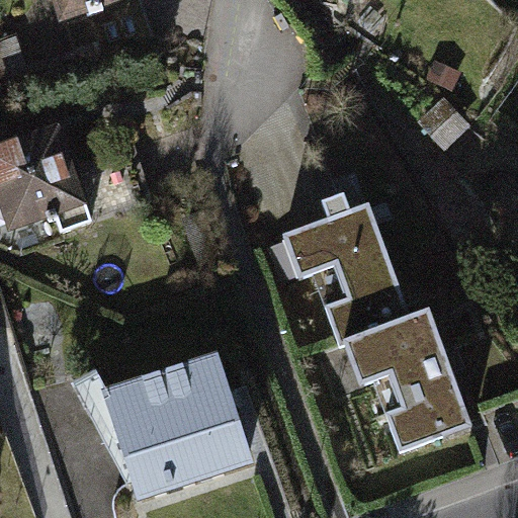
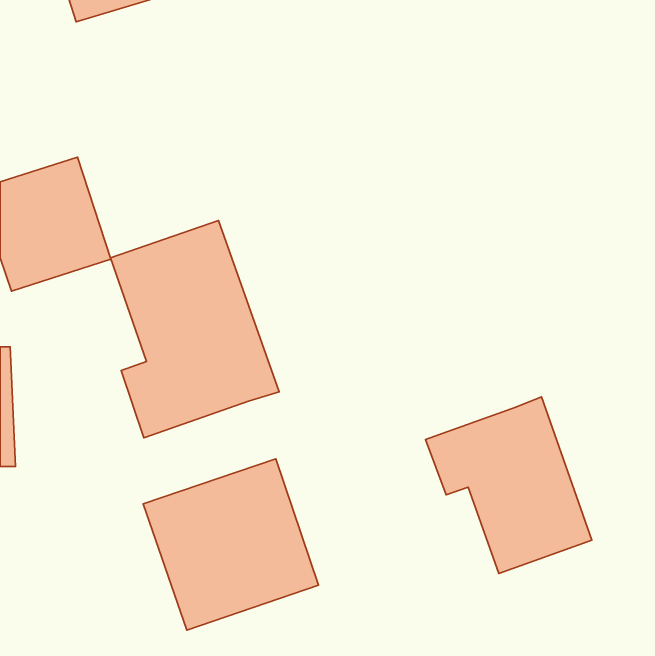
building: none -> [111,221,279,438]
building: [277,201,408,345] -> none

